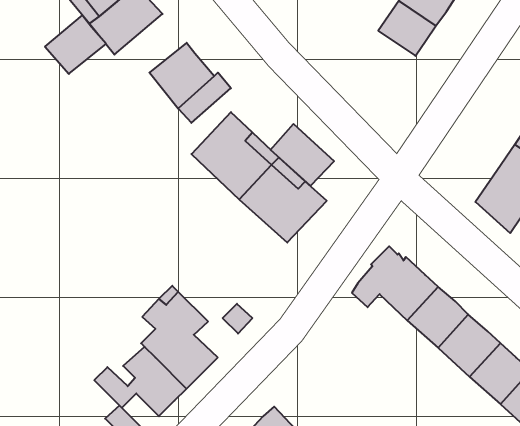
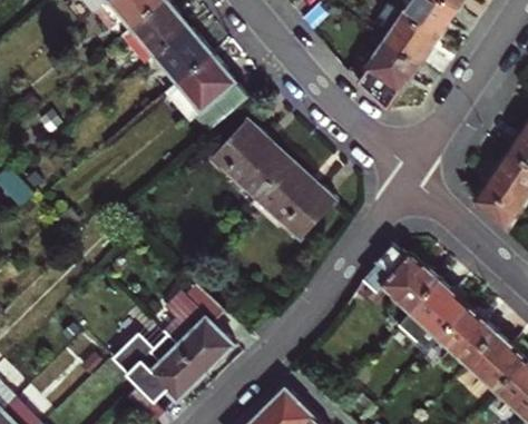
building: [45,15,106,74] -> [149,26,206,80]
building: none -> [366,41,419,91]
building: [271,124,334,186] -> none

